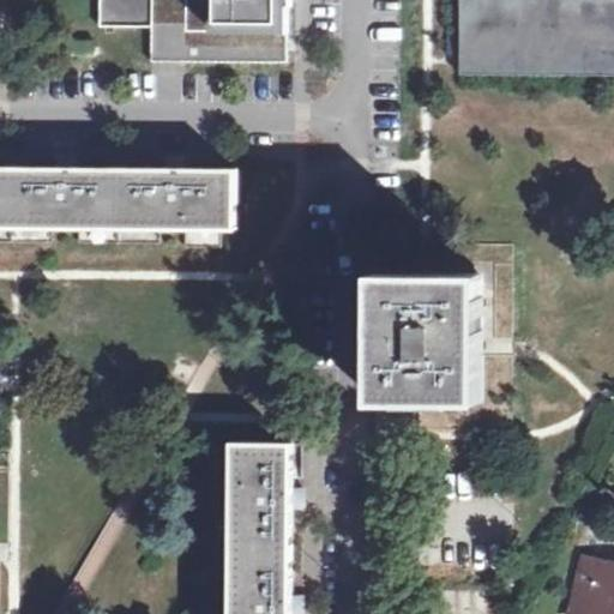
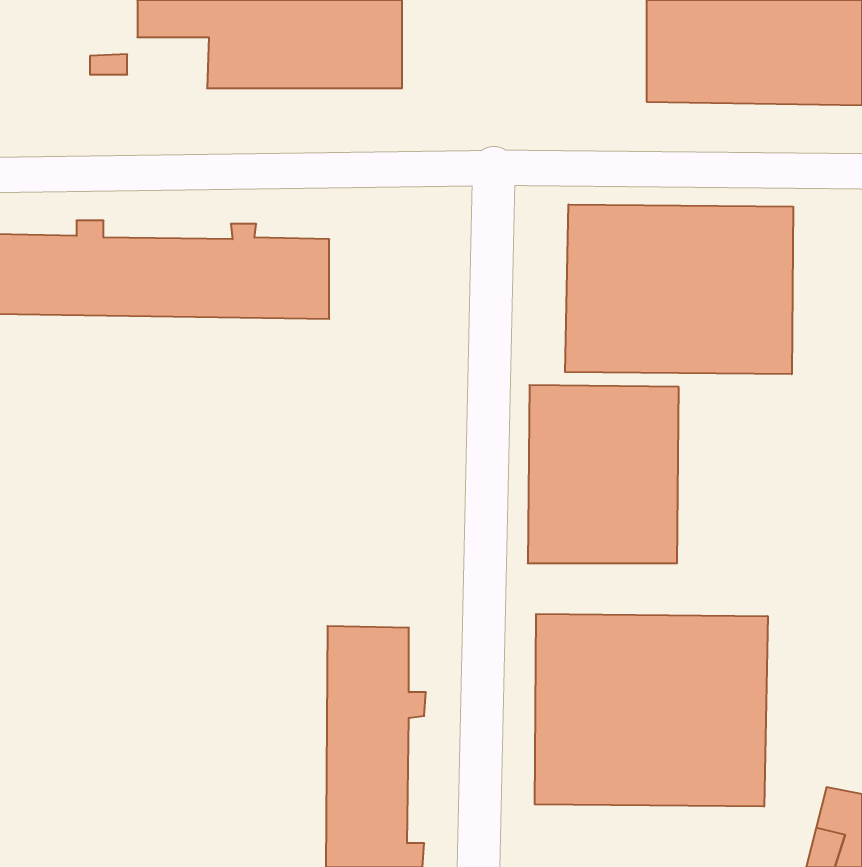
building: none -> [565,204,793,374]
building: none -> [535,614,768,807]

